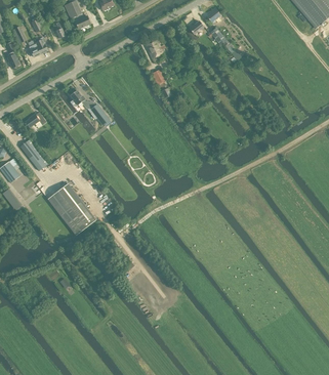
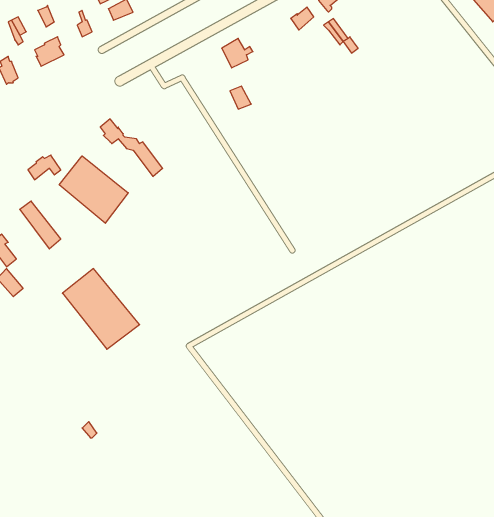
building: none -> [59,156,128,223]

